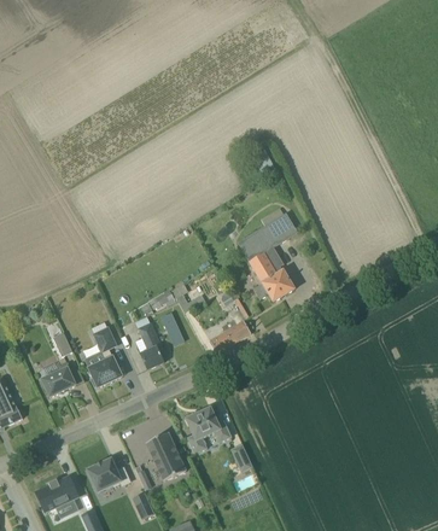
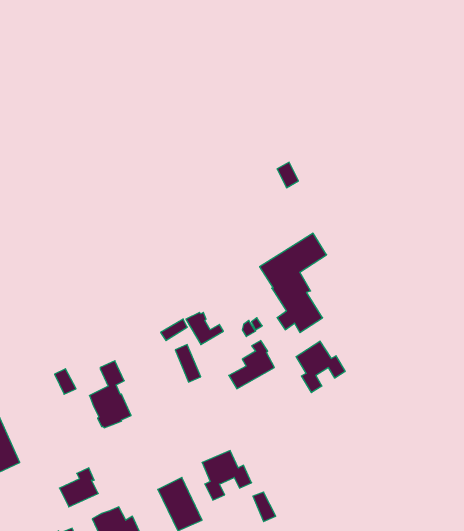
building: none -> [296,341,345,393]
building: [136,321,163,368] -> none
building: [40,361,75,396] -> [59,468,98,507]

